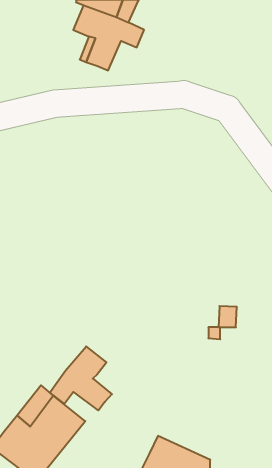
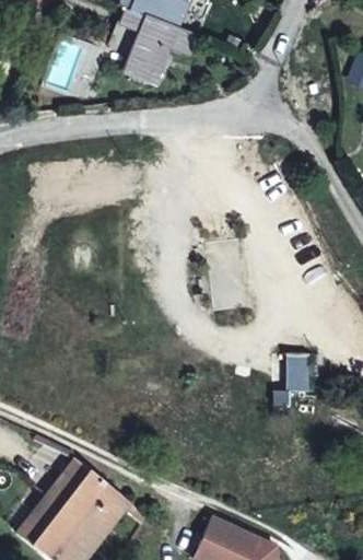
building: [50,346,112,410] -> none

